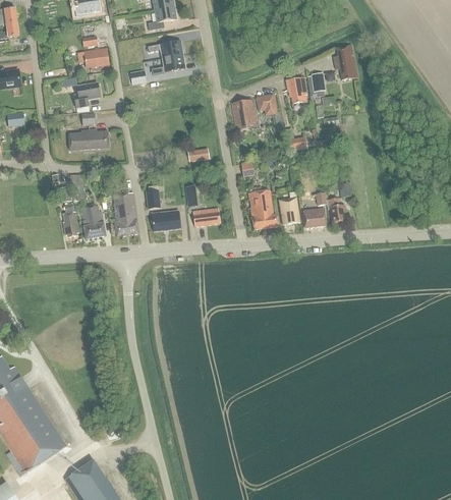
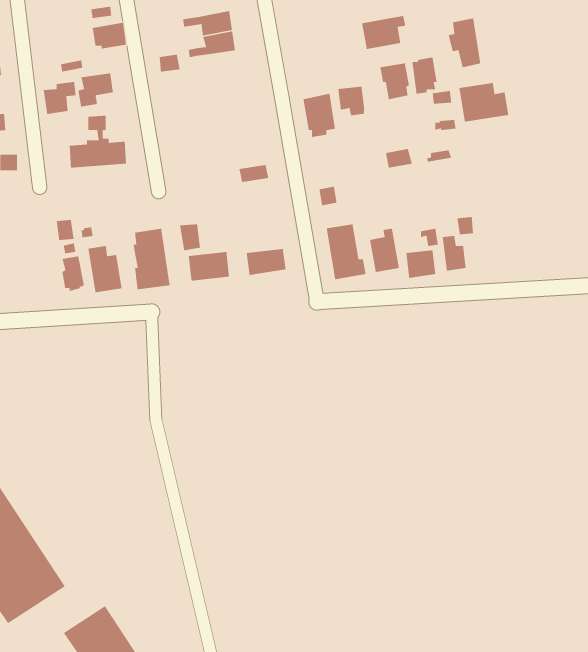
building: none -> [361,15,406,50]
building: none -> [43,81,77,115]
building: none -> [459,82,509,123]

